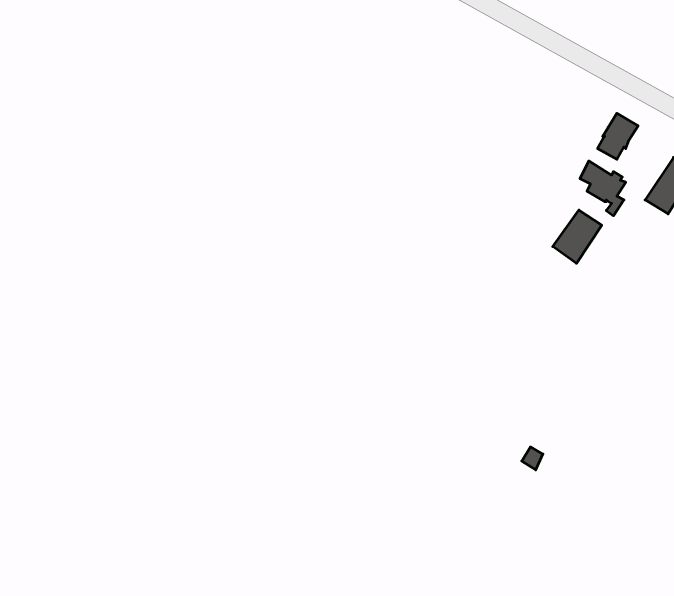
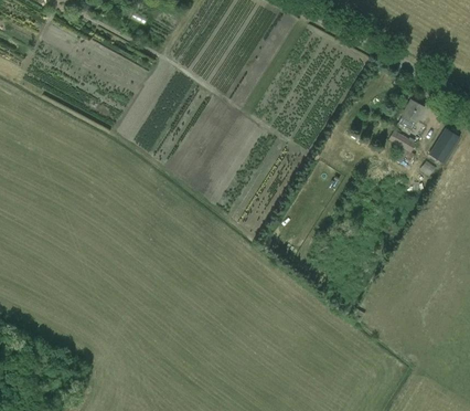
building: [553,210,602,263] -> none

